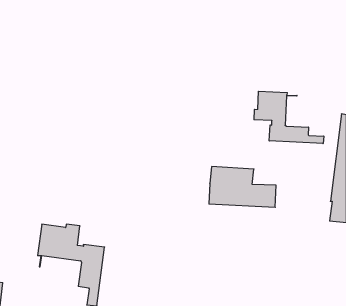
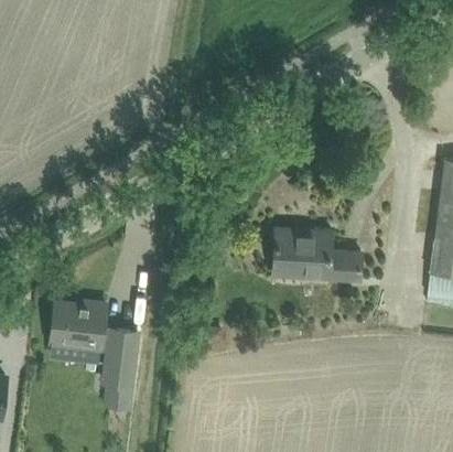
building: [254,91,324,144] -> none

